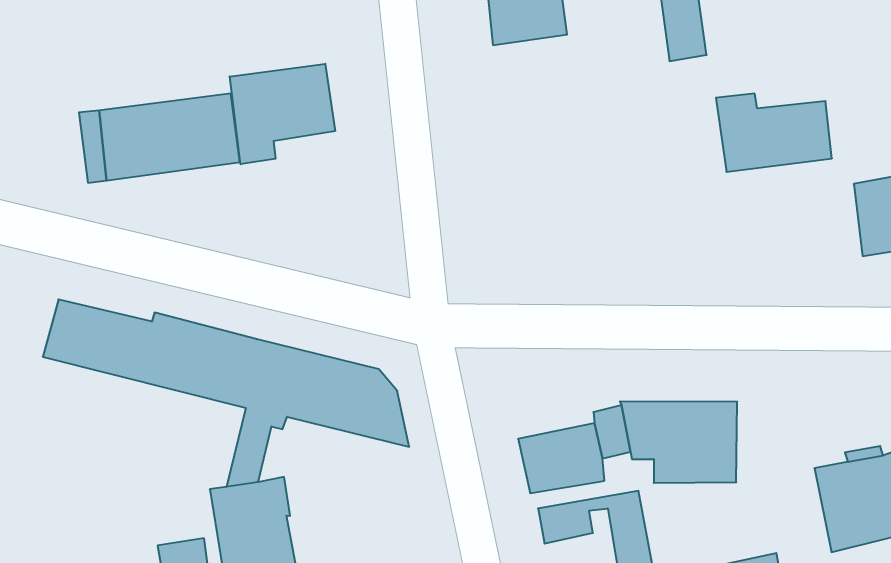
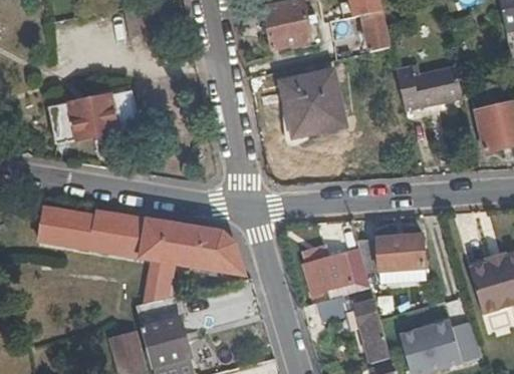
building: [230,64,335,164] -> none
building: none -> [282,69,345,135]

